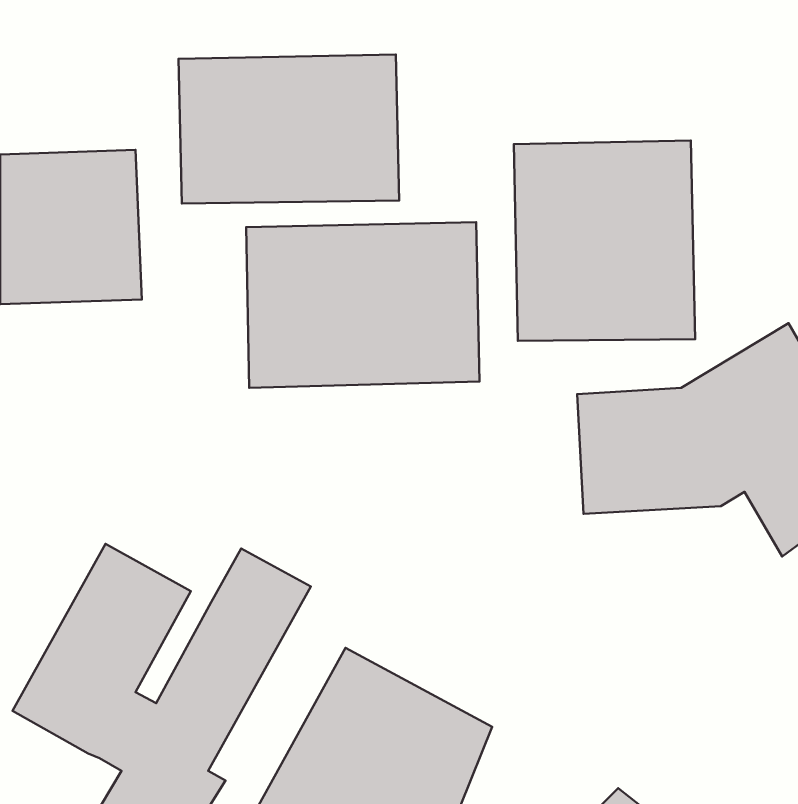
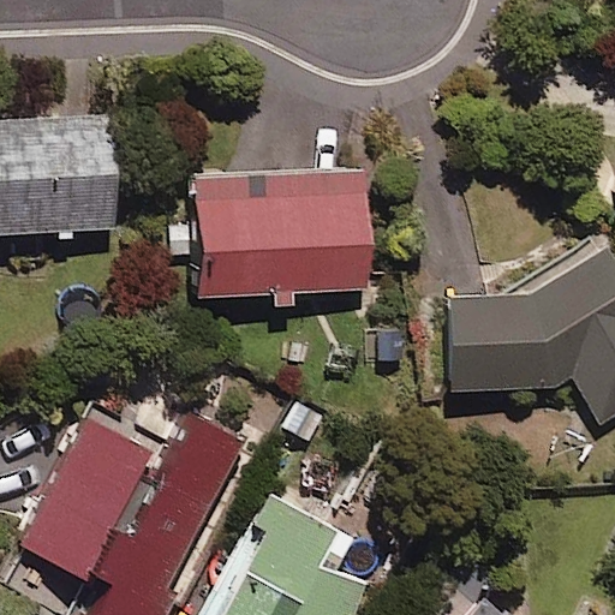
building: [179,54,399,203] -> none
building: [514,141,695,341] -> none

